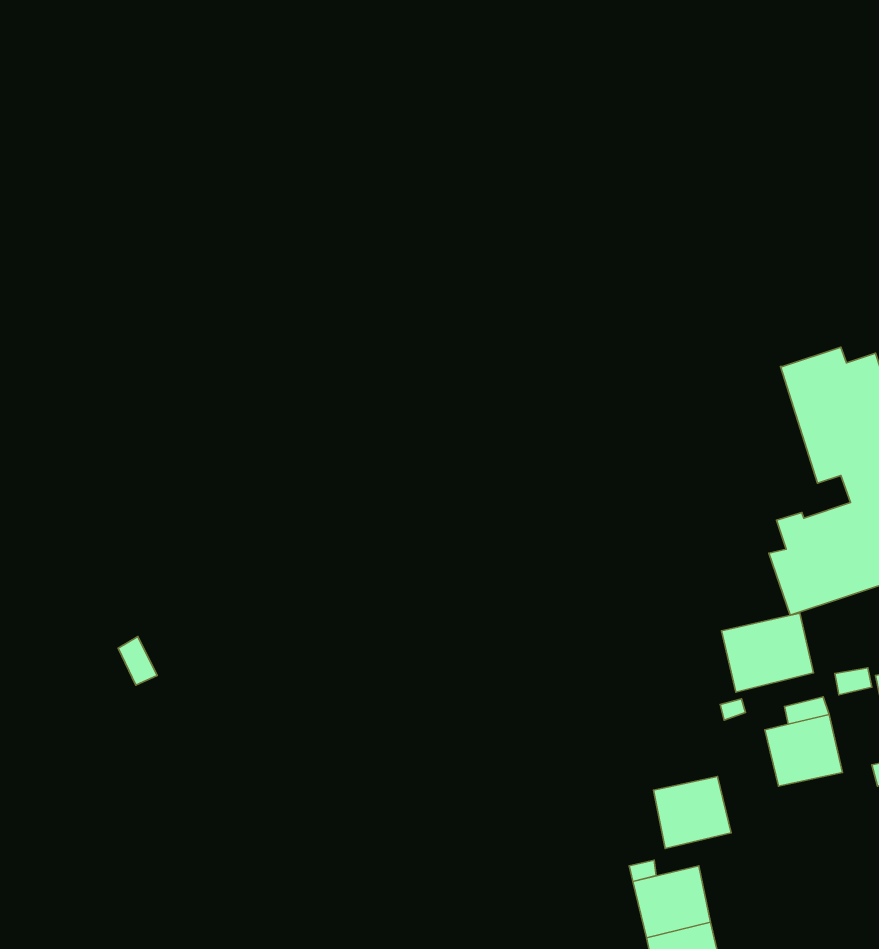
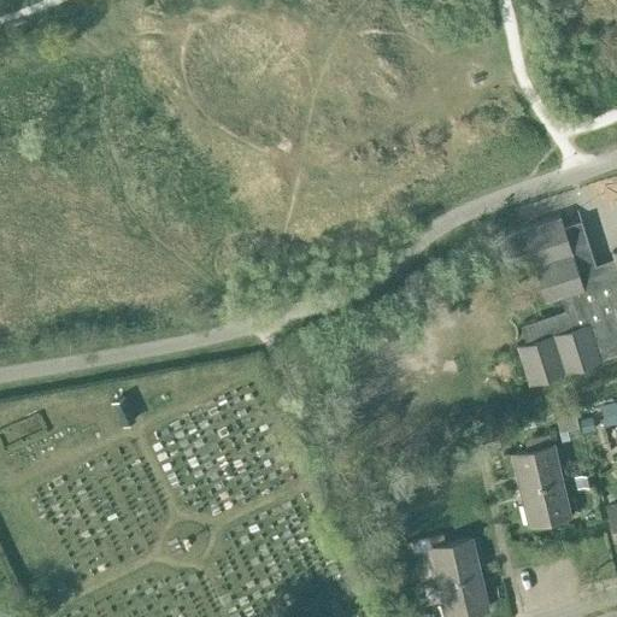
building: [722,613,813,692] -> none
building: [653,777,731,848] -> [523,484,571,529]

